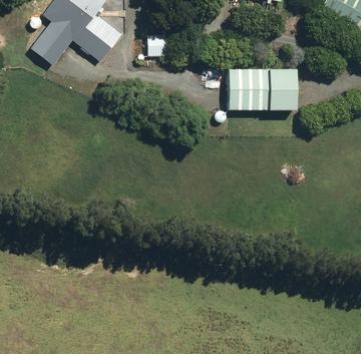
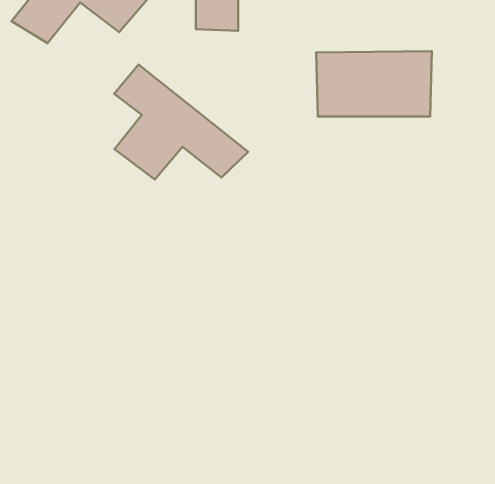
building: none -> [114,65,248,180]

